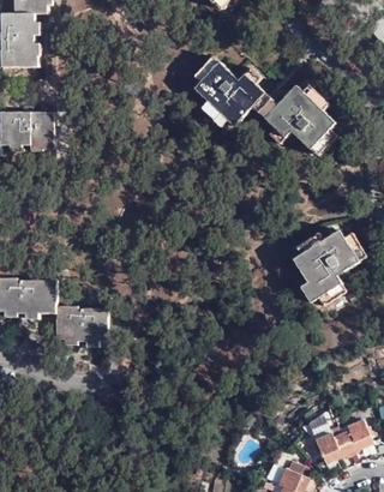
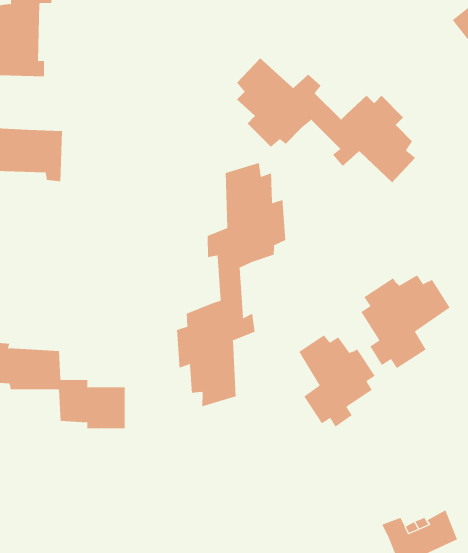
building: none -> [177,162,286,407]
building: none -> [299,335,375,427]

